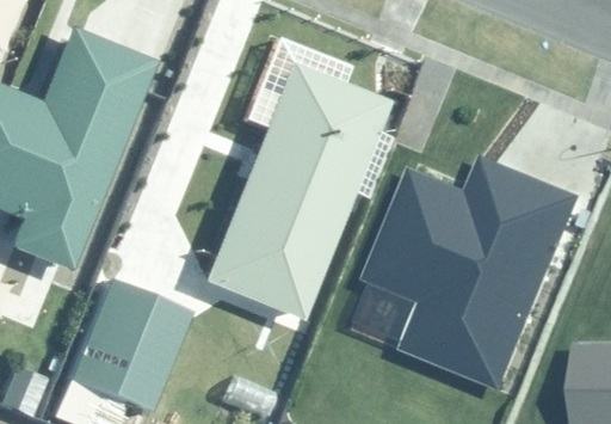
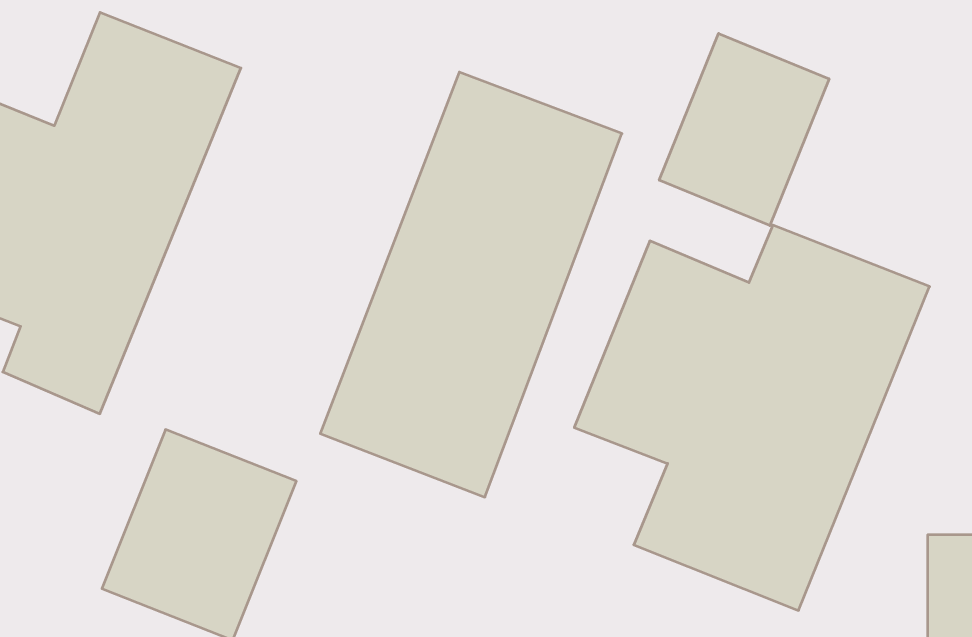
building: none -> [659,33,829,226]

